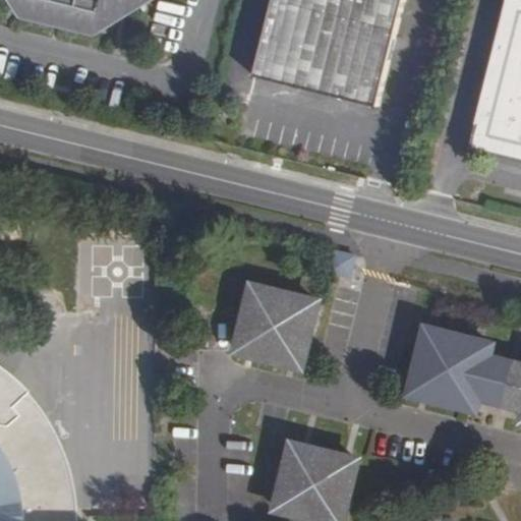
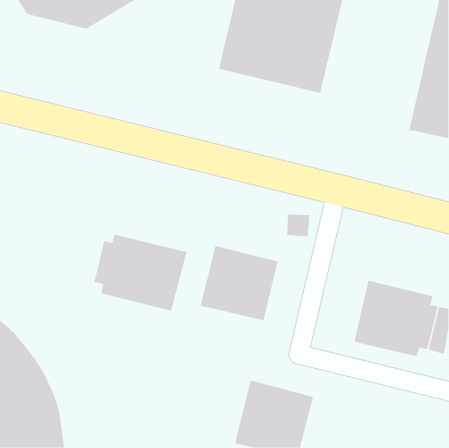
building: none -> [94,234,187,311]

